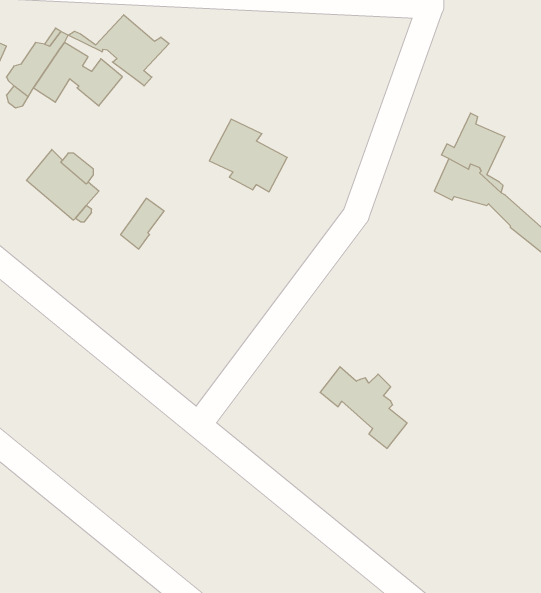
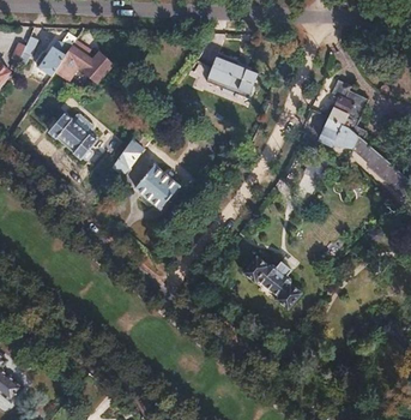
building: [68,15,169,86] -> none
building: [209,119,287,192] -> [211,46,262,94]
building: none -> [133,164,177,208]

